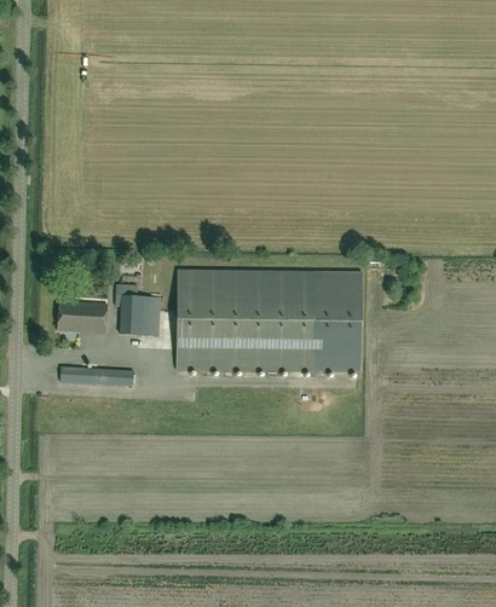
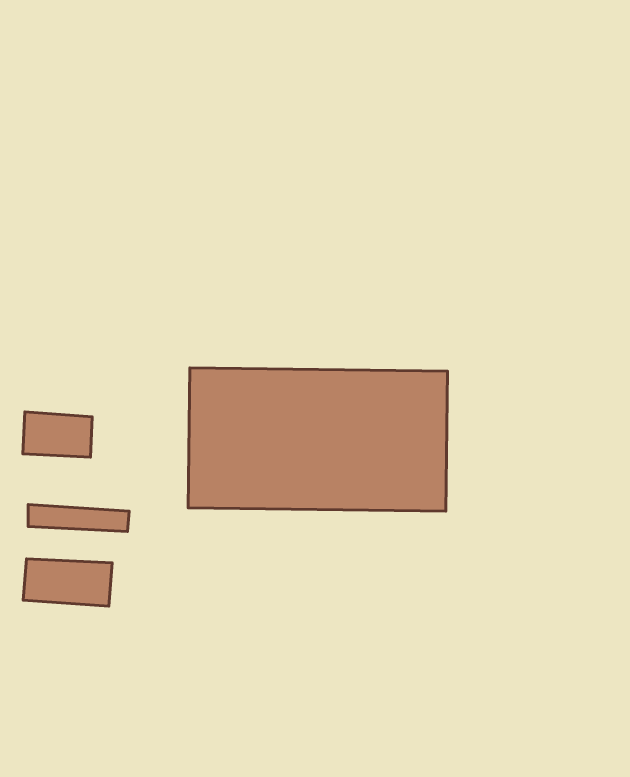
building: [120,295,161,335] -> none
building: none -> [23,559,112,606]

